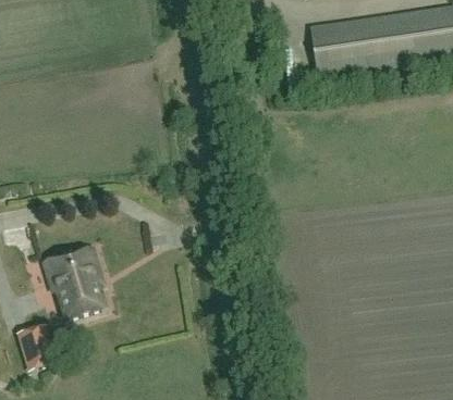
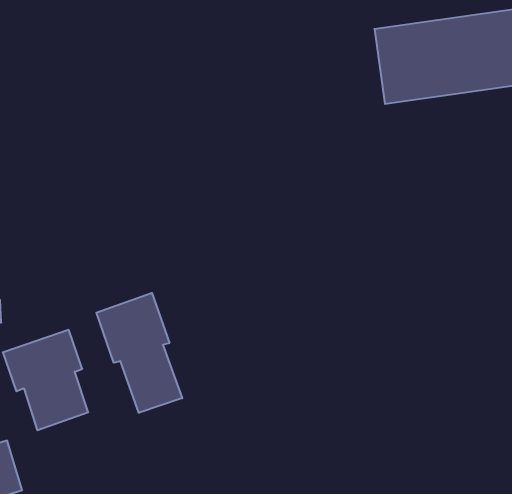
building: none -> [96,293,182,413]

